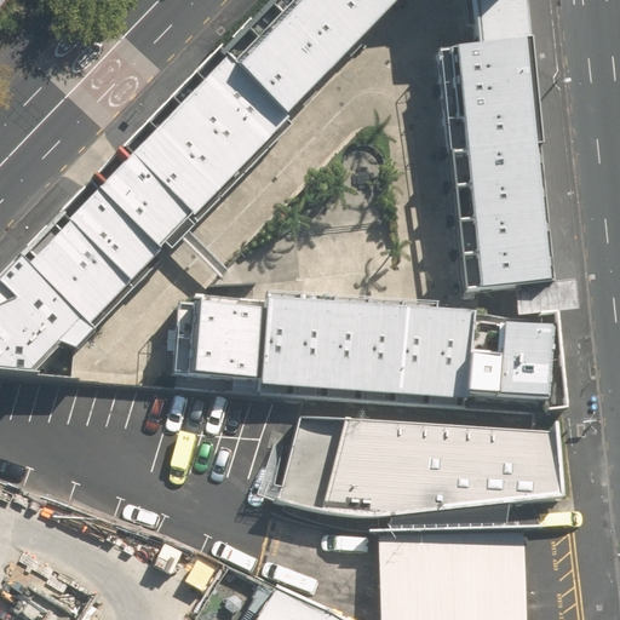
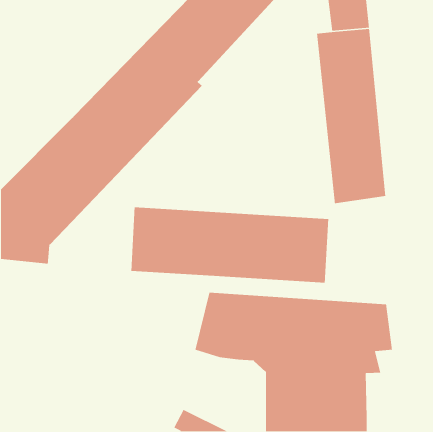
building: [466,310,568,409] -> none

